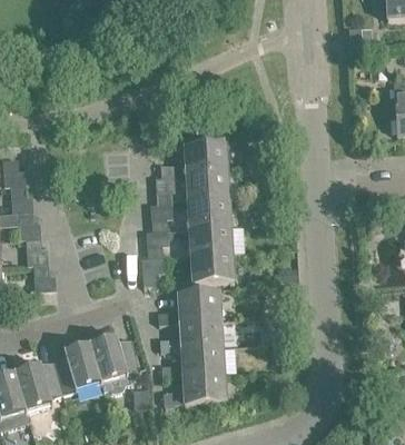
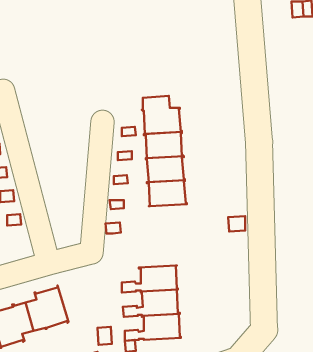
building: [190,250,235,280] -> none
building: [158,290,221,322] -> none
building: [89,333,140,389] -> none

